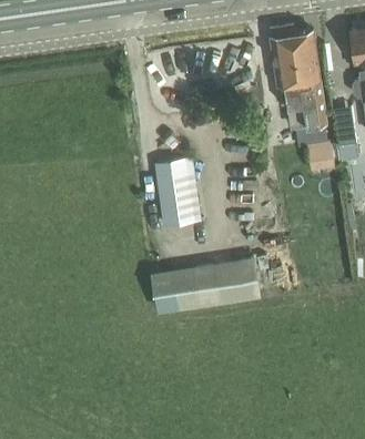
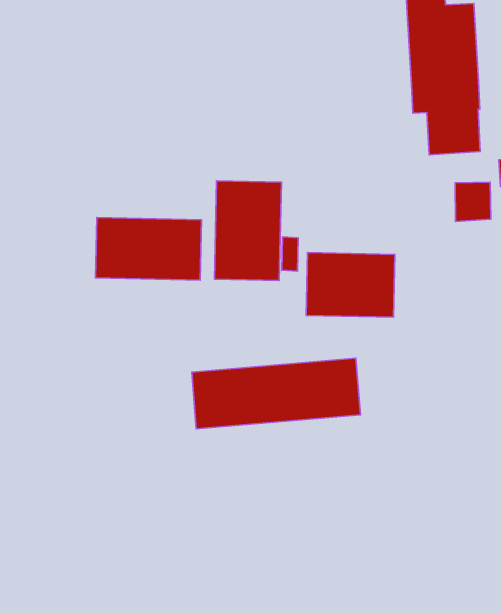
building: none -> [95,218,201,280]
building: none -> [306,253,395,317]

